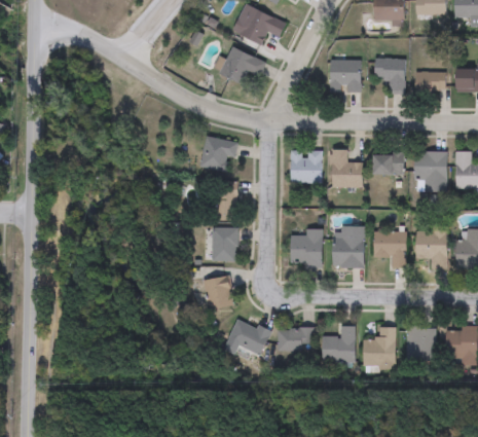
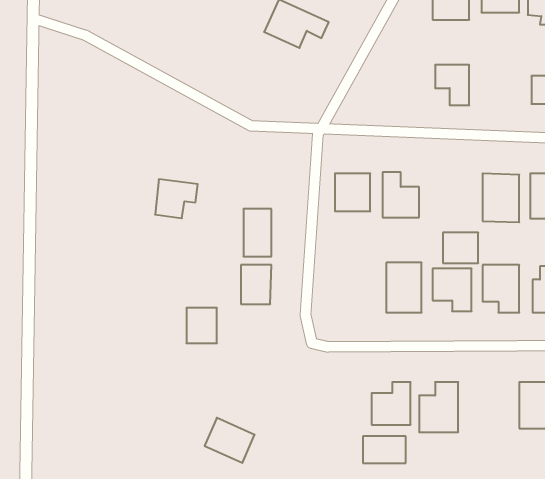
building: [212,46,265,83] -> none
building: [330,60,361,92] -> none
building: [415,72,445,93] -> none
building: [201,137,237,170] -> [155,179,198,218]
building: [373,152,403,178] -> [443,233,478,263]
building: [290,229,322,265] -> none
building: [206,278,231,307] -> [186,308,217,343]
building: [227,317,269,355] -> [205,418,255,463]
building: [405,325,435,365] -> none
building: [278,327,314,350] -> [363,436,406,463]

